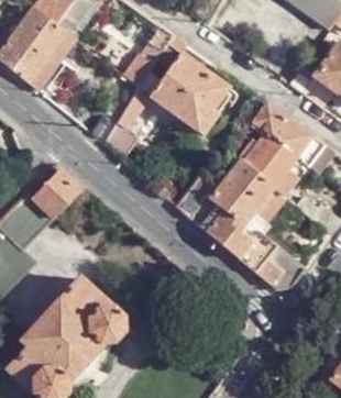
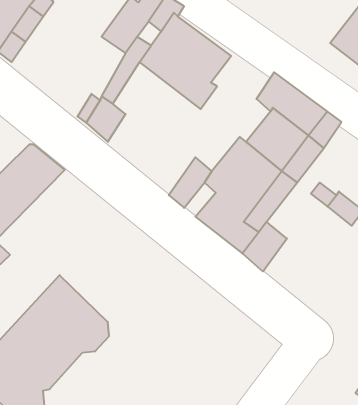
building: [256,245,306,298] -> none

